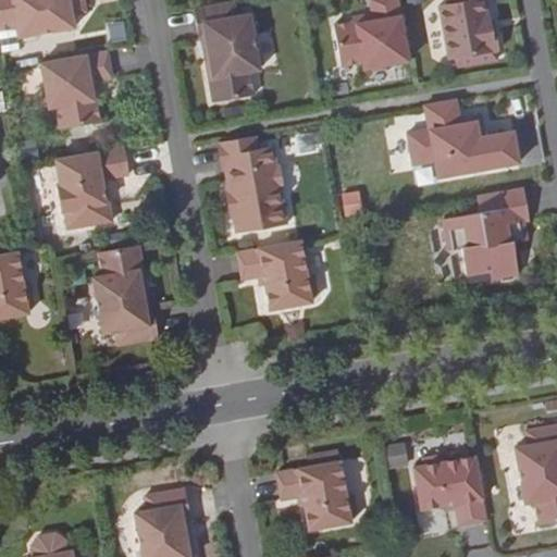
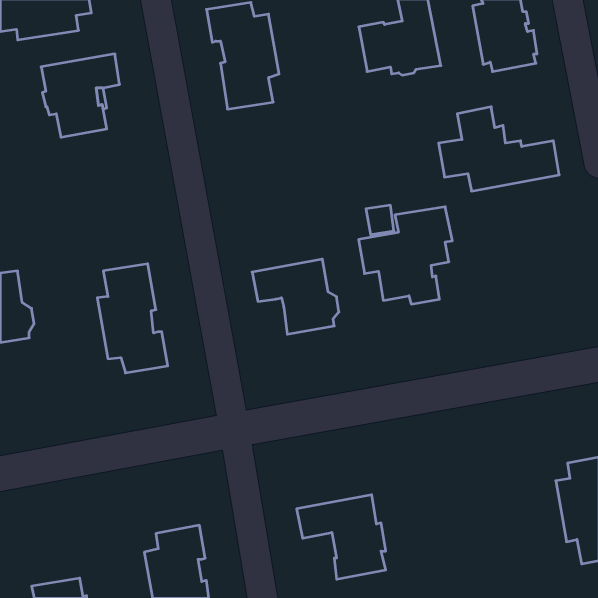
building: [216,136,287,232] -> none
building: [53,146,129,230] -> none
building: [444,188,531,278] -> [359,207,452,304]
building: [413,454,487,522] -> none

